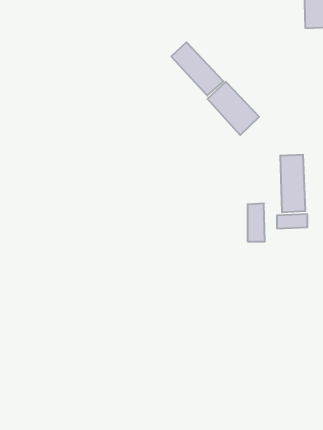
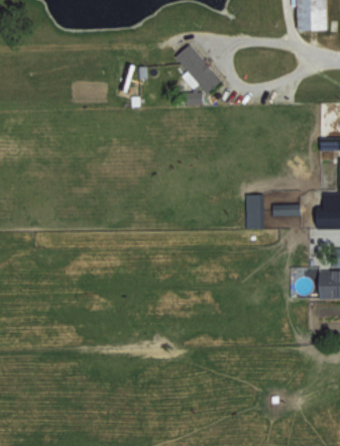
building: [207,82,259,135] -> none
building: [280,155,305,213] -> none

